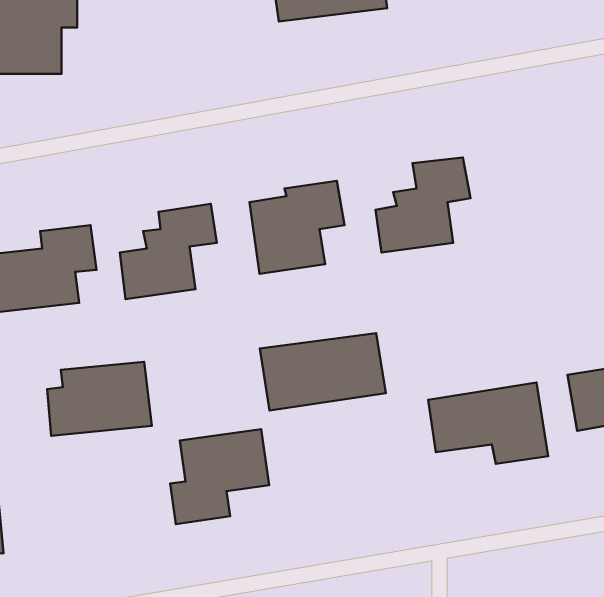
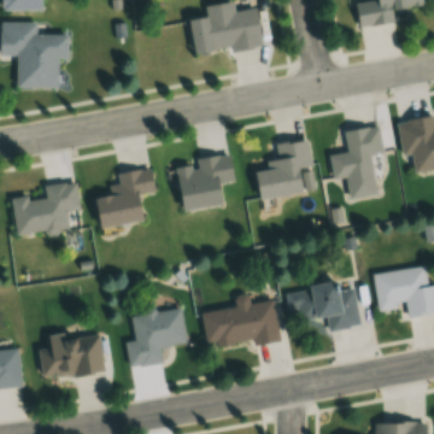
building: none -> [332,125,385,197]
building: [260,333,386,411] -> [203,300,281,348]
building: [47,362,152,436] -> [40,332,105,377]

